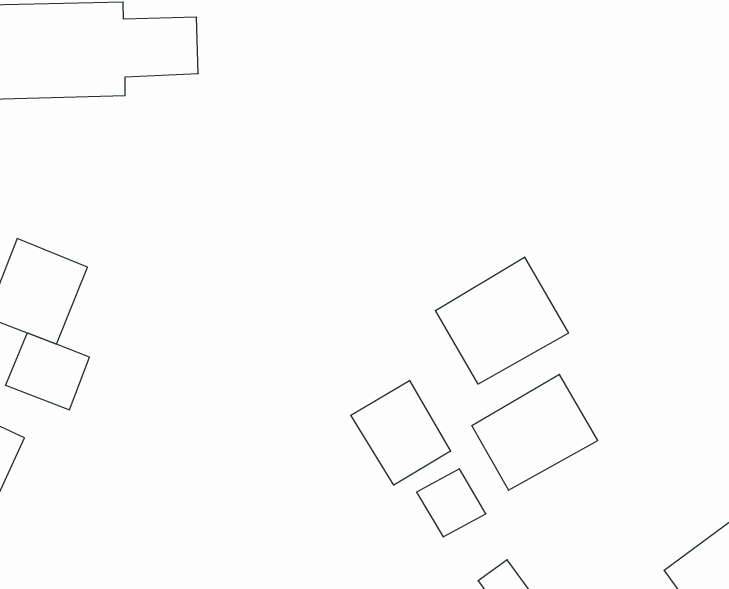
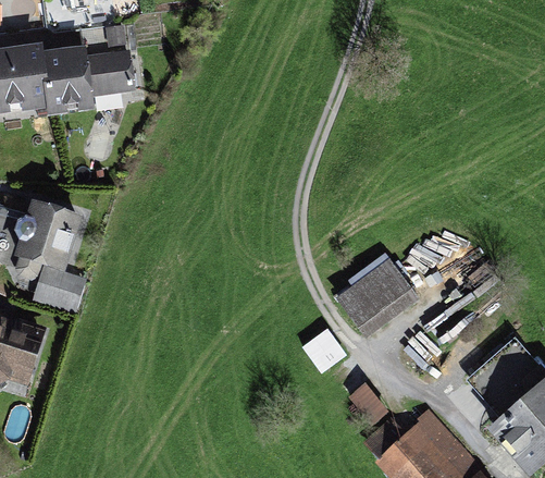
building: [435,257,568,384] -> none
building: [351,380,451,485] -> none

